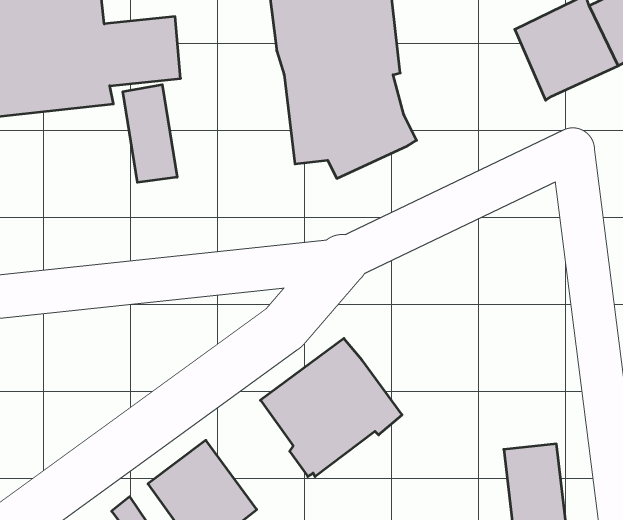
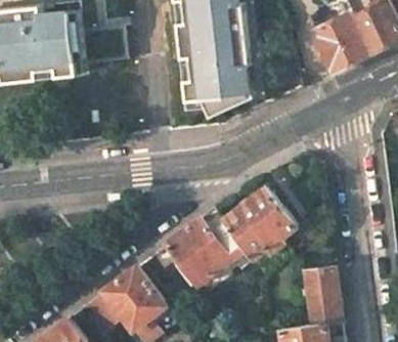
building: [123,85,177,182] -> none
building: none -> [226,187,297,257]

